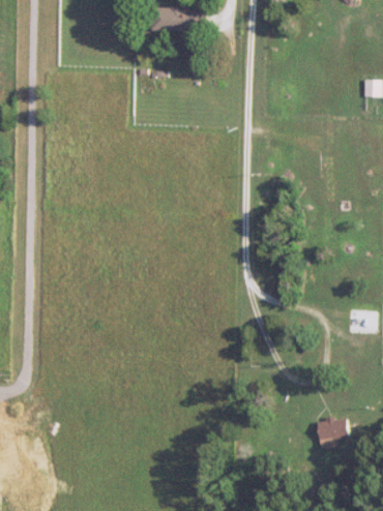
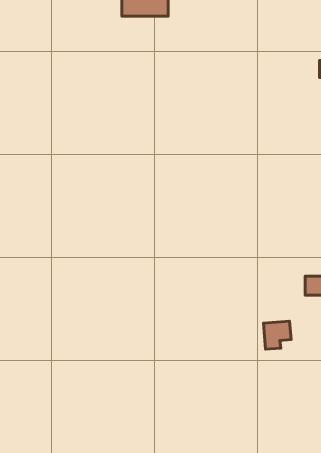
building: [319,417,349,447] -> [263,321,291,349]

